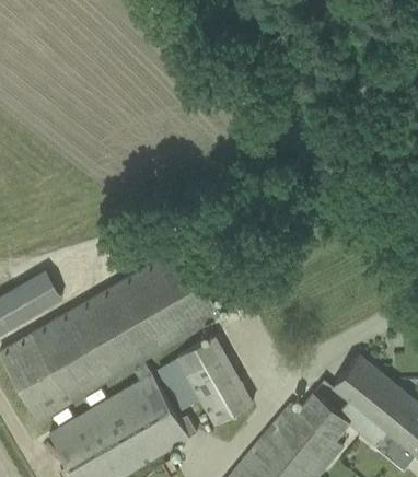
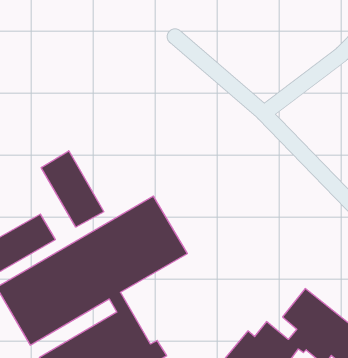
building: none -> [41,151,104,227]
building: [155,336,252,426] -> none

